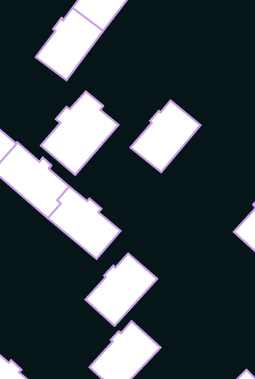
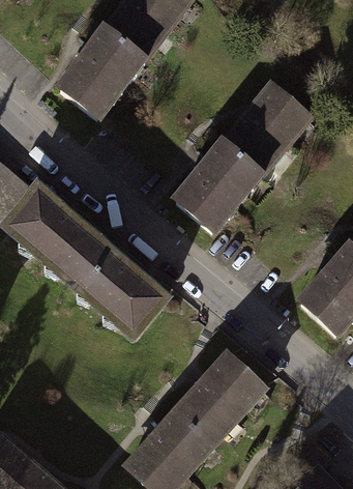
building: none -> [225,86,310,173]
building: [41,92,118,175] -> none
building: [85,253,157,326] -> [177,355,264,443]

